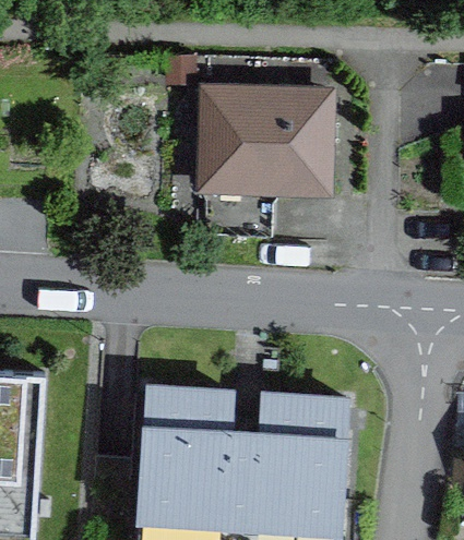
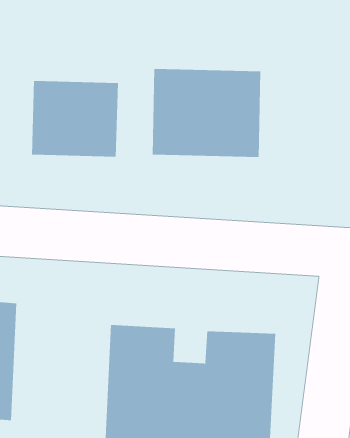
building: none -> [31,80,118,157]

